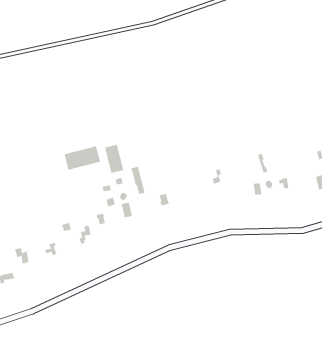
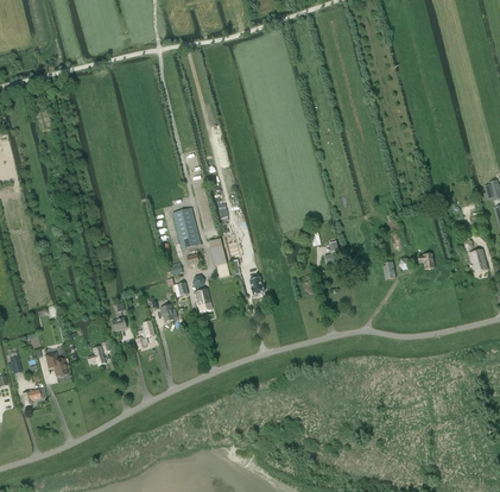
building: [64,146,101,171] -> none

